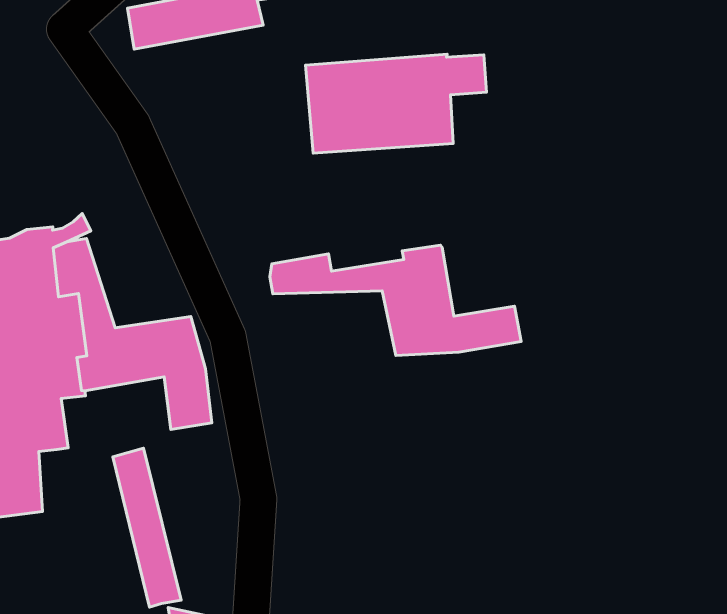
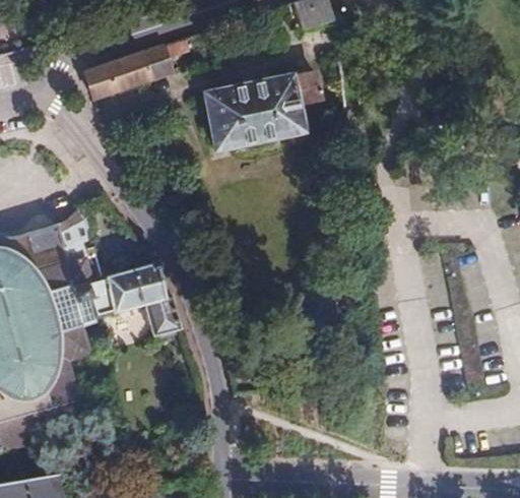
building: [270,245,521,356] -> none
building: [113,448,181,607] -> none

